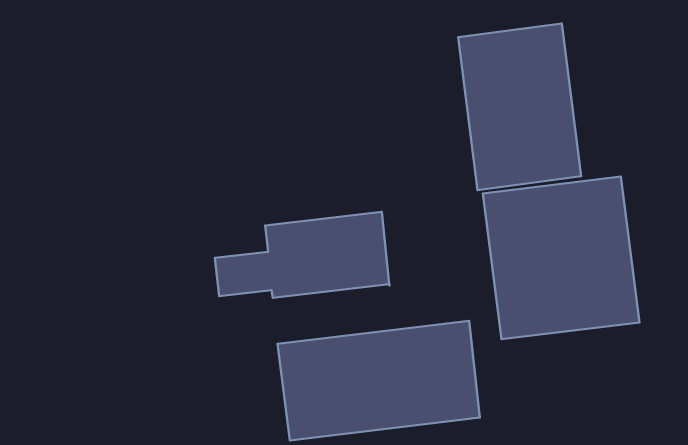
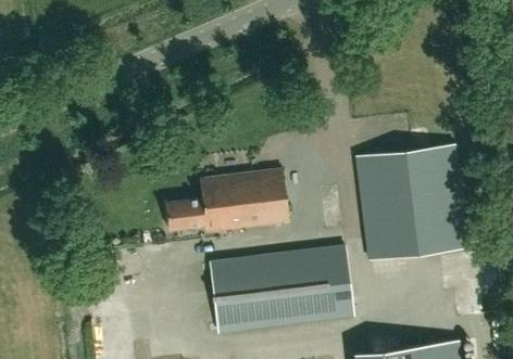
building: [458,23,581,190] -> none

